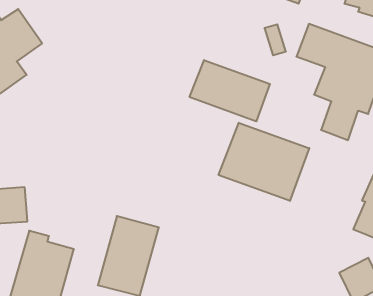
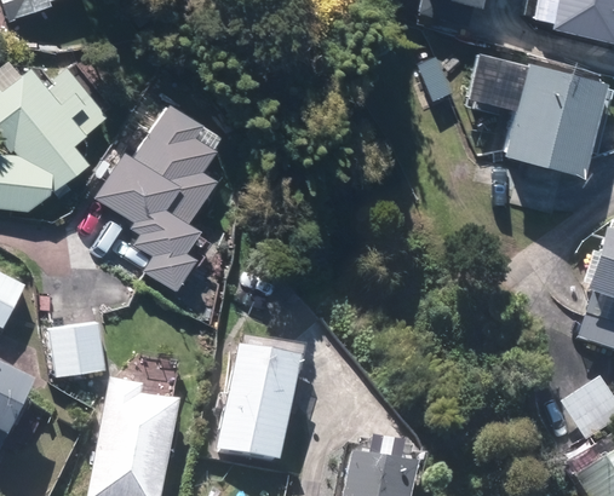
building: none -> [97,103,214,288]
building: [190,60,270,121] -> none
building: [219,123,309,201] -> none

